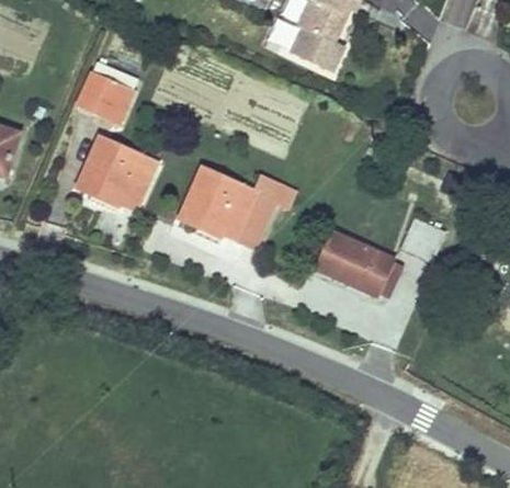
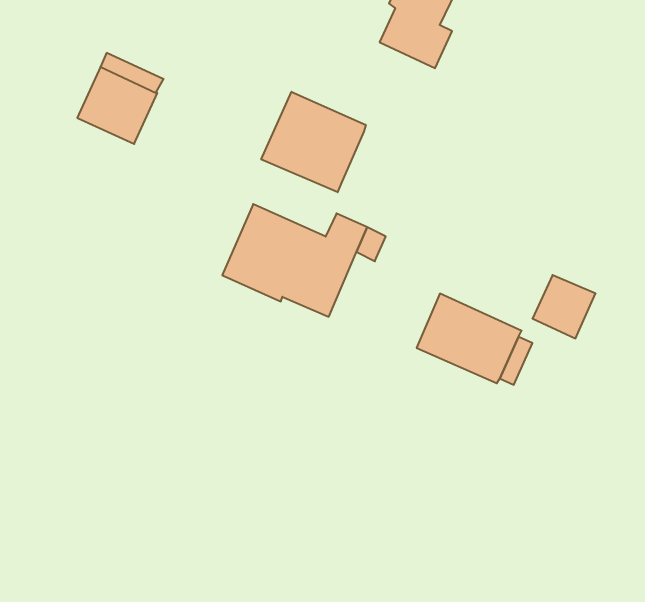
building: none -> [261,92,366,192]
building: [76,136,156,208] -> none

